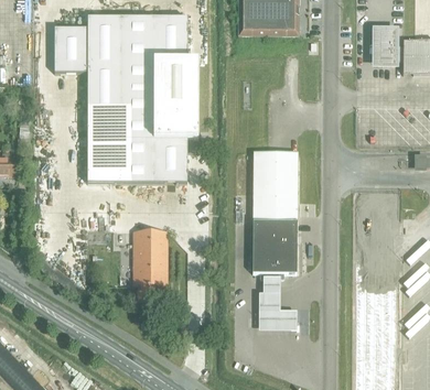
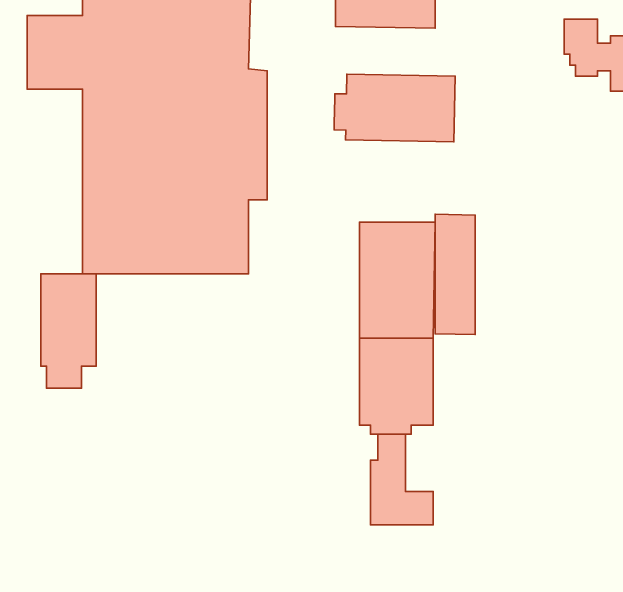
building: none -> [334,74,455,142]
building: none -> [435,214,475,335]
building: [133,230,166,299] -> [41,274,96,388]

